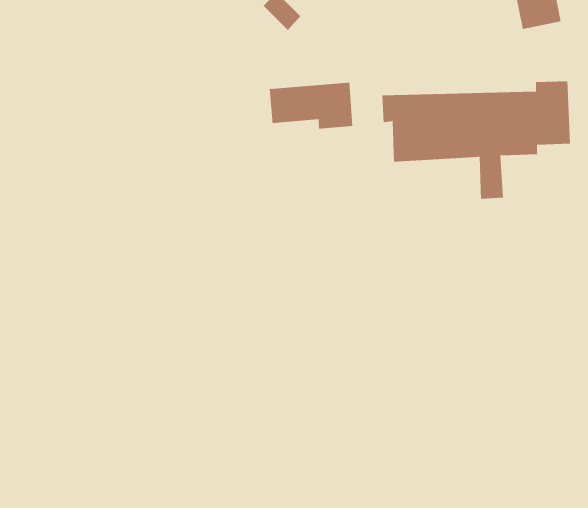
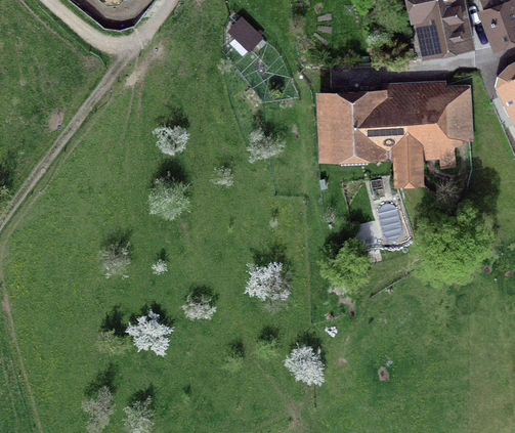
building: [269,82,353,130] -> none

